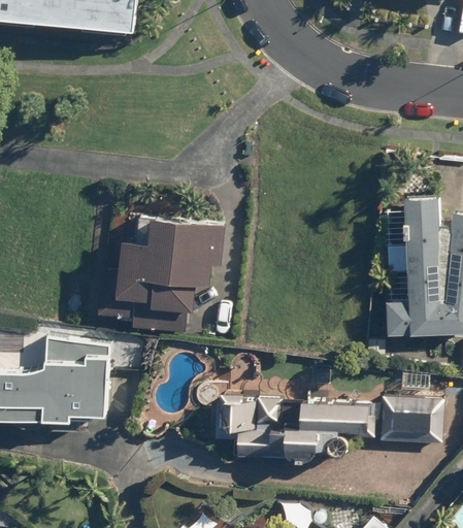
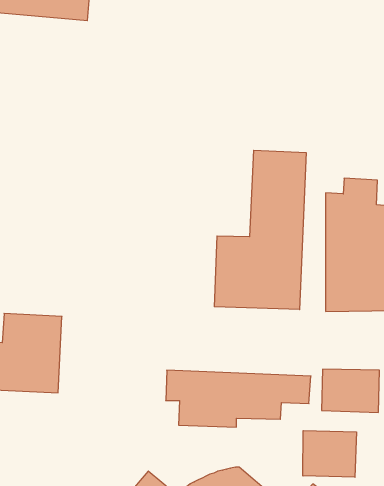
building: none -> [214,150,306,310]
building: [98,216,226,335] -> none
building: none -> [303,431,356,477]

